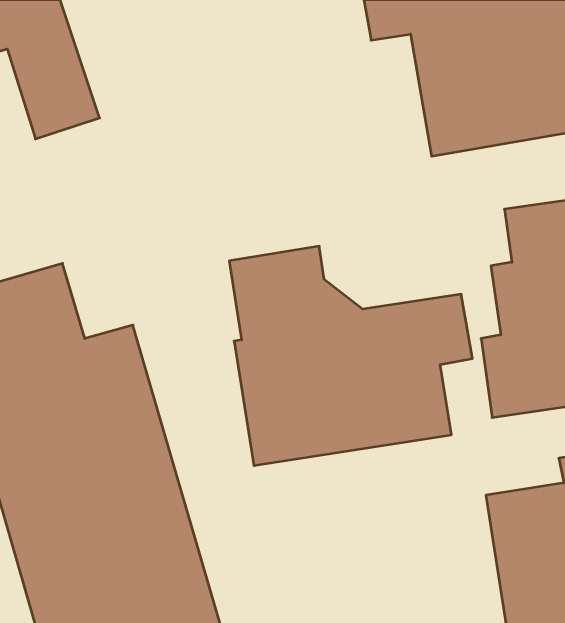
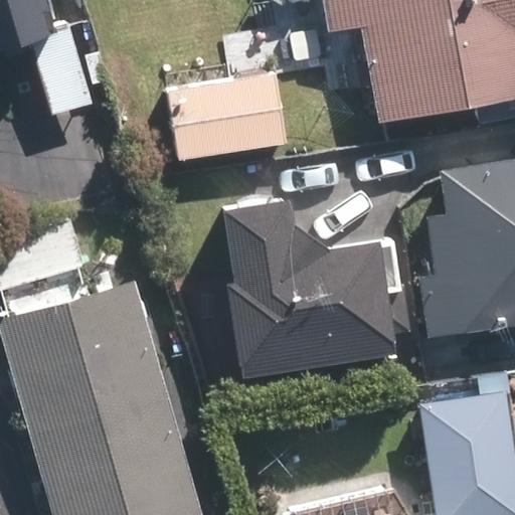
building: none -> [168,80,290,160]

